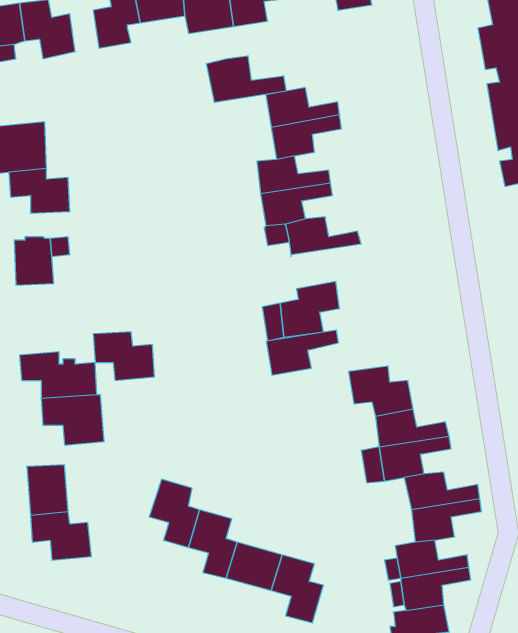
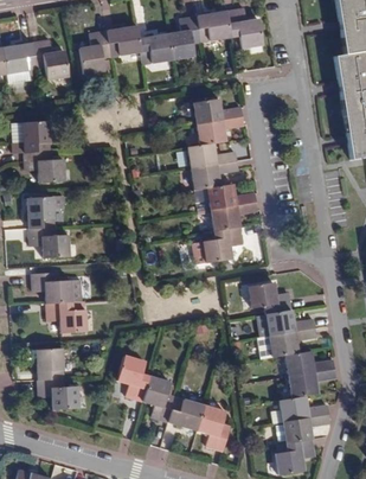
building: [207,56,286,103] -> none
building: [267,330,338,375] -> [212,200,259,230]
building: [93,332,154,380] -> [31,226,71,258]

